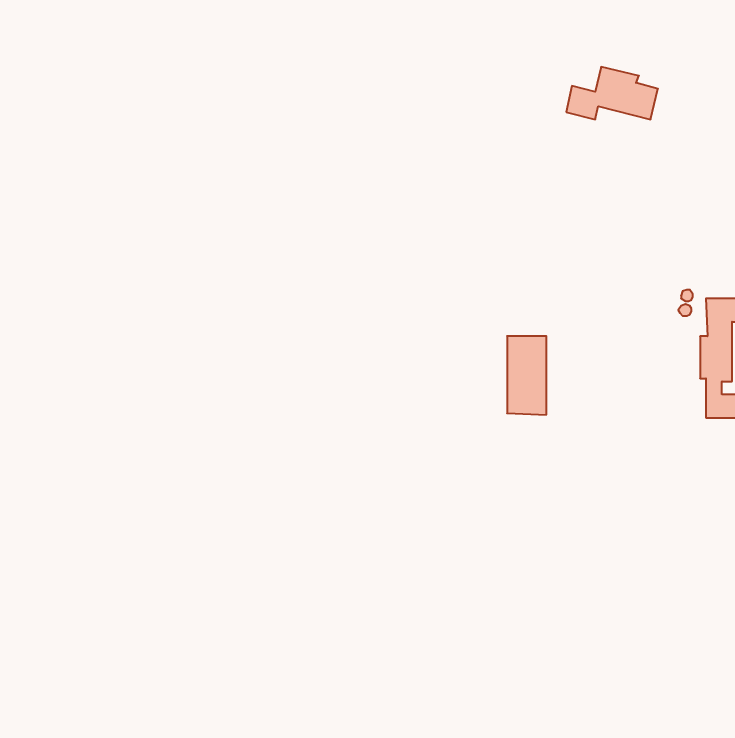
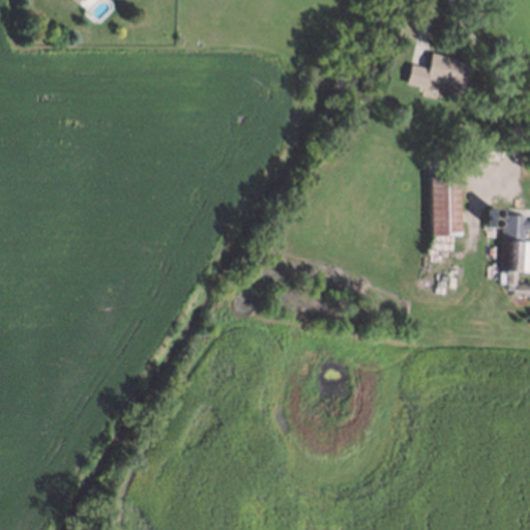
building: [507,336,546,415] -> [434,180,462,236]

